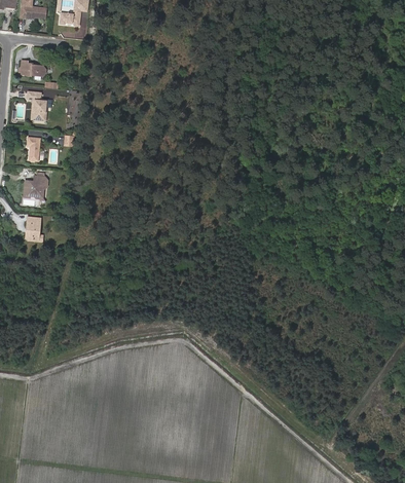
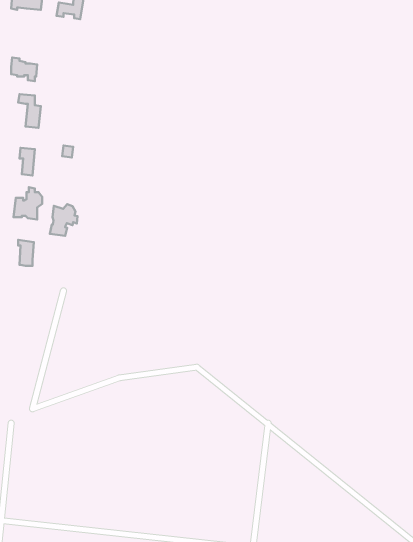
building: none -> [50,204,77,236]

